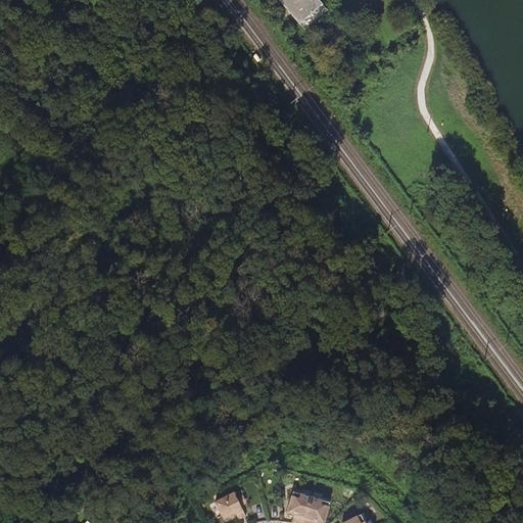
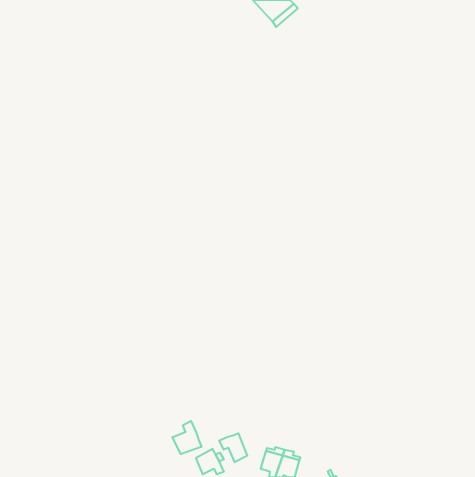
building: none -> [172,421,201,454]
building: none -> [219,433,247,462]

